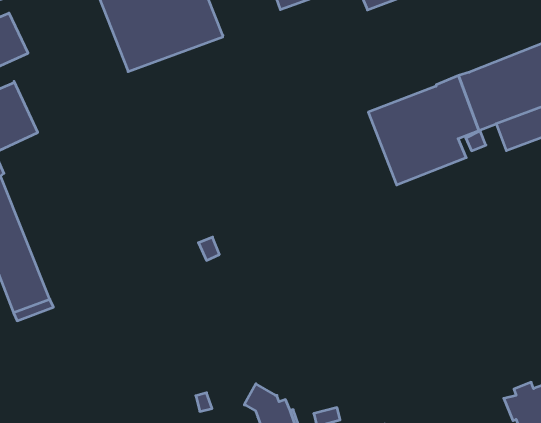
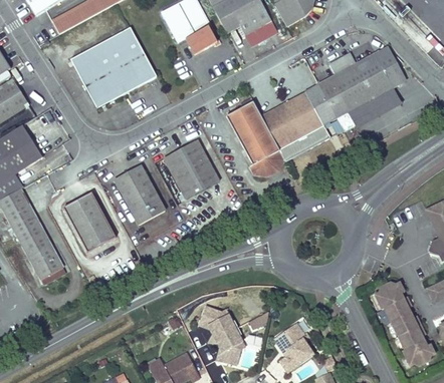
building: none -> [226,97,285,176]
building: none -> [164,140,219,199]
building: none -> [114,165,165,225]
building: none -> [62,193,116,253]

